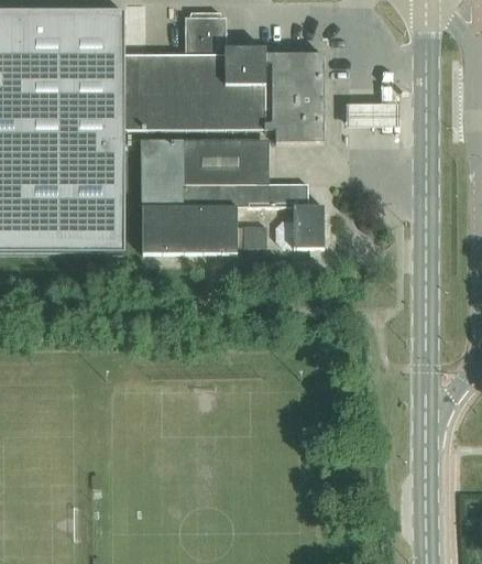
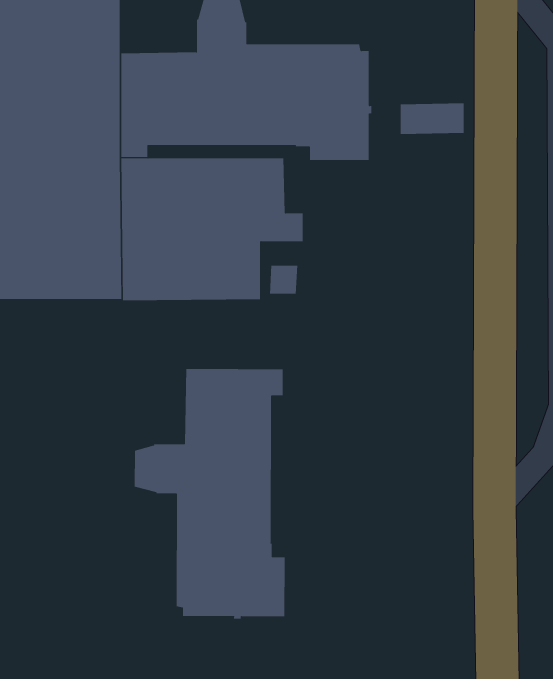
building: [270,183,328,247] -> none
building: none -> [134,368,285,619]

